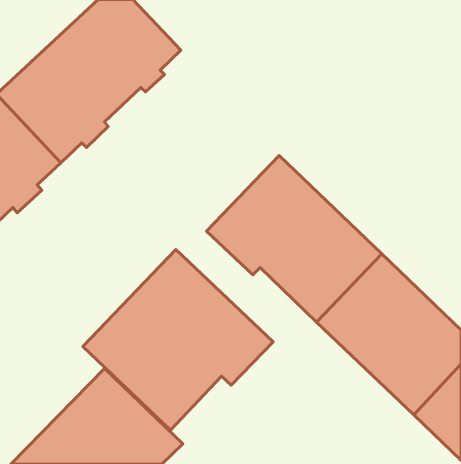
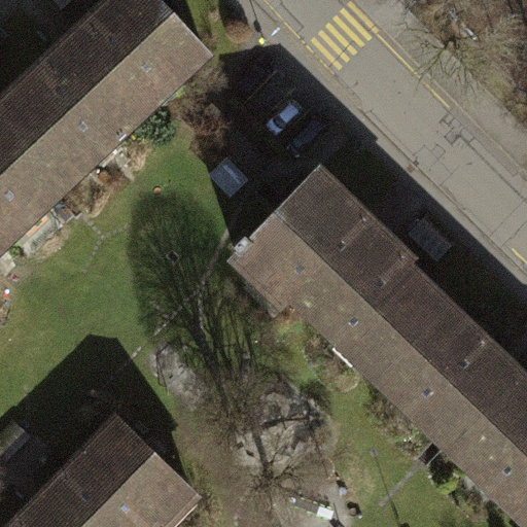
building: [83,249,273,430] -> none

